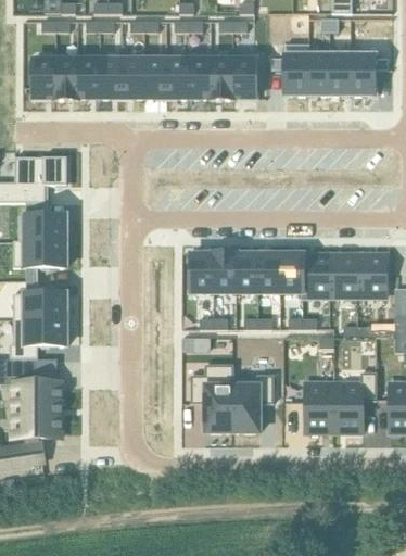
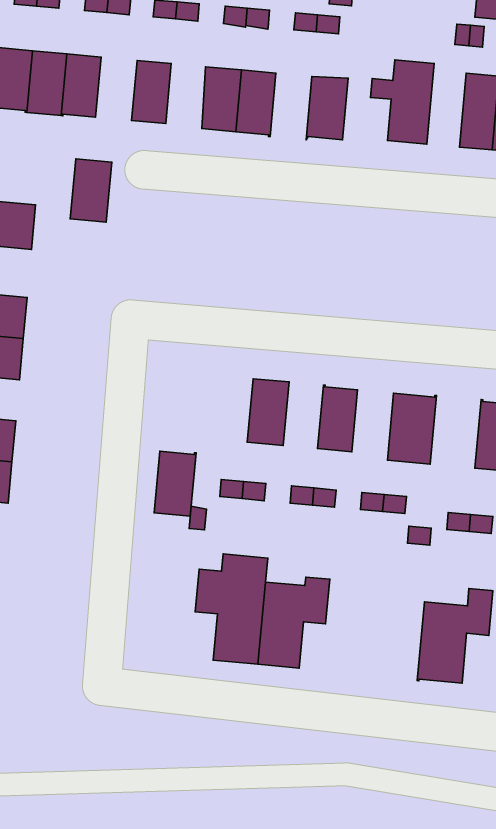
building: [309,43,330,94] -> none
building: [100,59,123,97] -> [70,159,112,222]
building: [144,59,167,98] -> none
building: [211,59,233,99] -> none
building: [191,252,214,292] -> [154,451,196,516]
building: [237,252,258,292] -> none
building: [330,252,358,295] -> none
building: [280,253,303,295] -> none
building: [306,368,334,432] -> none

